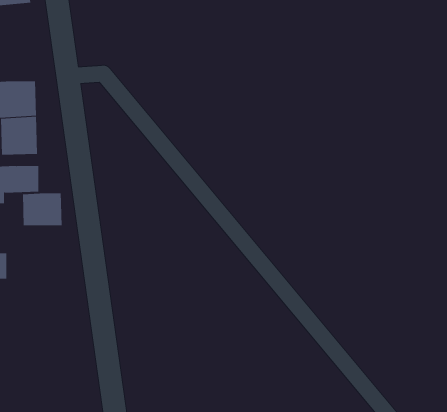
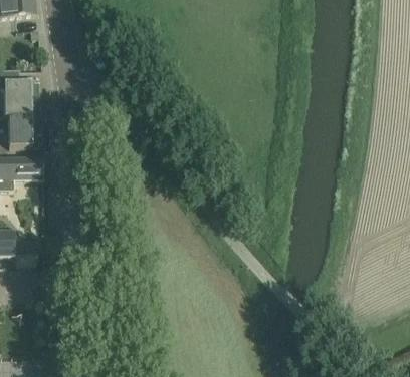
building: [22,192,62,226] -> none

